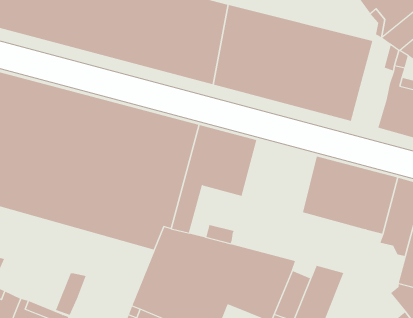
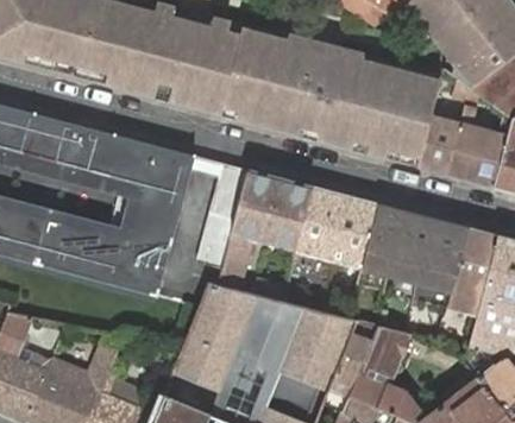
building: none -> [416,116,458,173]
building: none -> [295,187,377,267]

